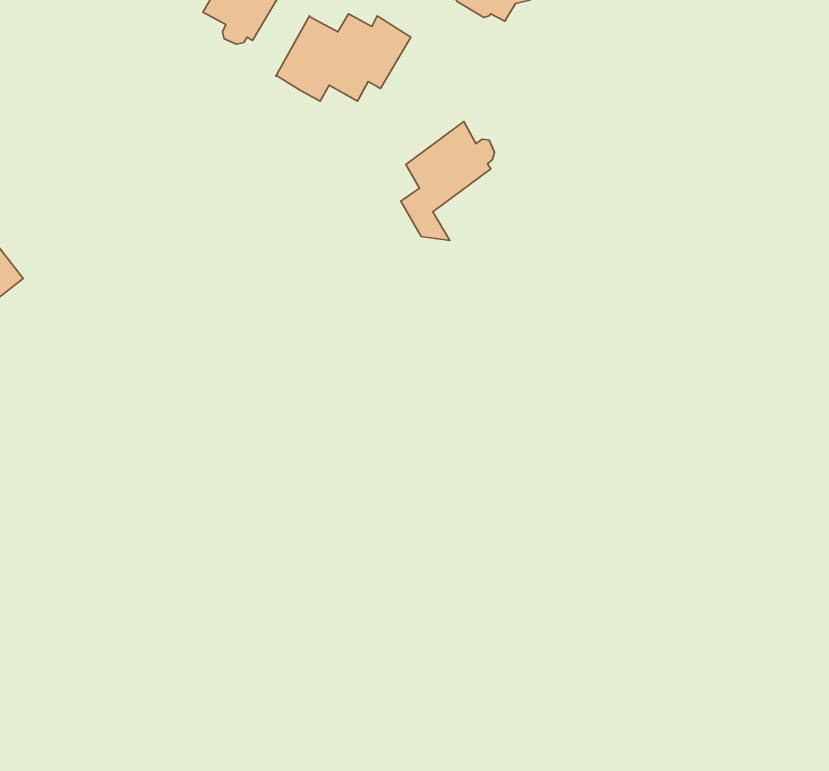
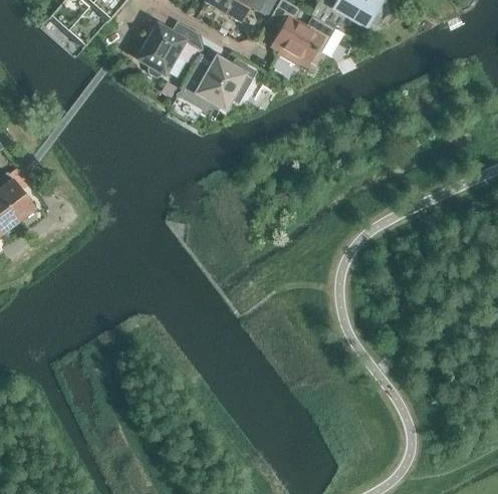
building: [401,121,494,240] -> none

